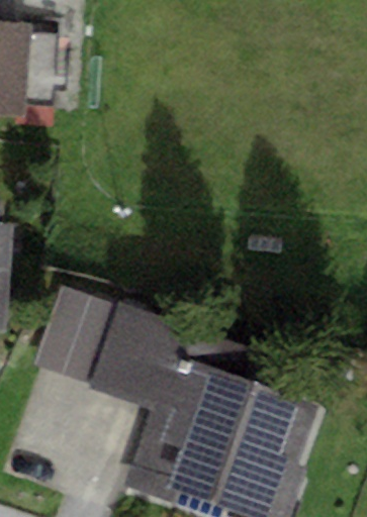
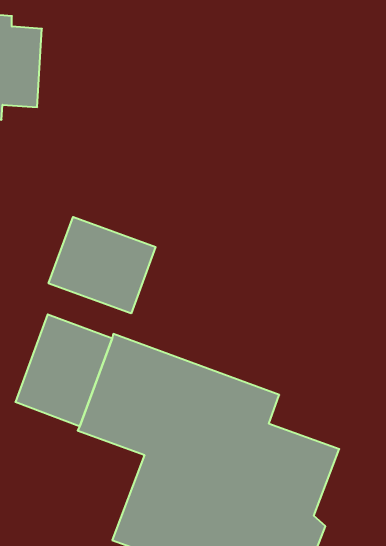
building: none -> [49,217,156,313]

